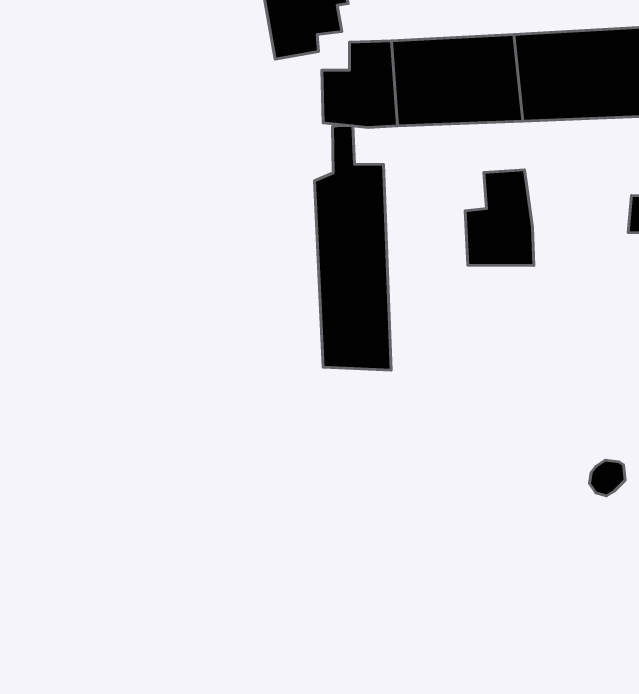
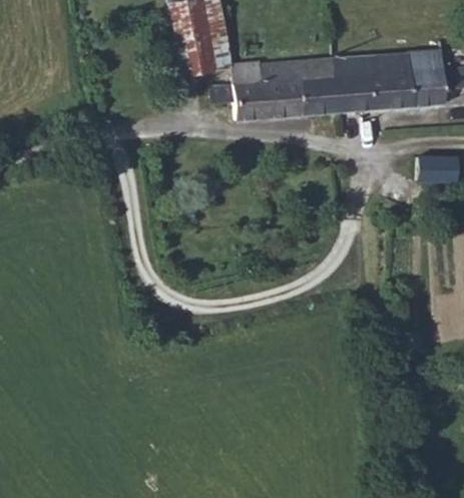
building: [315,126,391,370] -> none
building: [465,170,534,266] -> none

